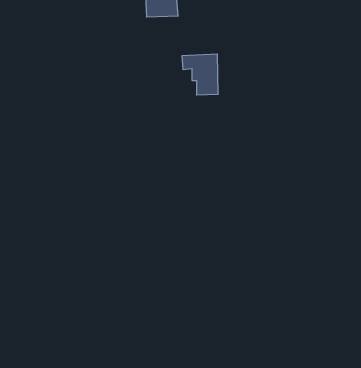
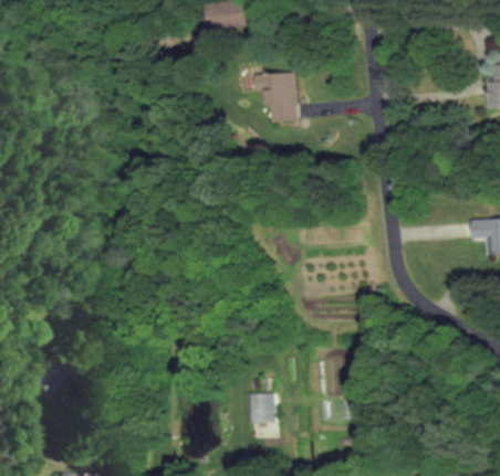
building: none -> [247,394,271,423]

